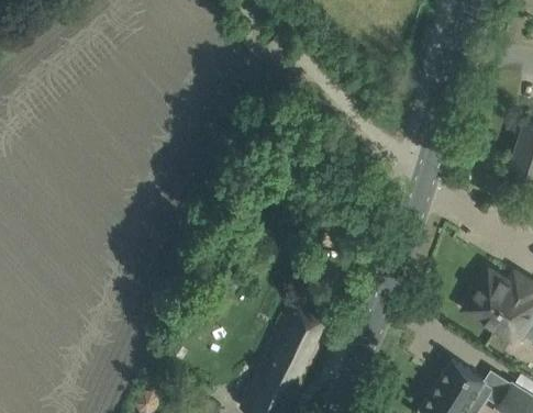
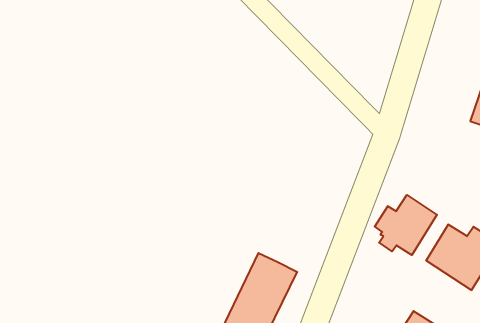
building: none -> [375,195,437,255]

